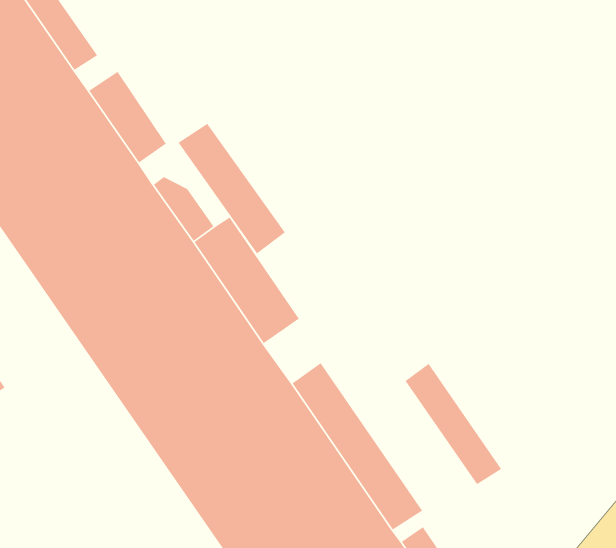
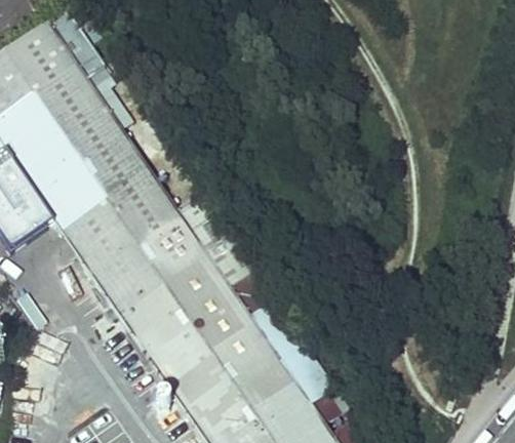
building: [177,123,286,255] -> none
building: [404,363,502,485] -> none

